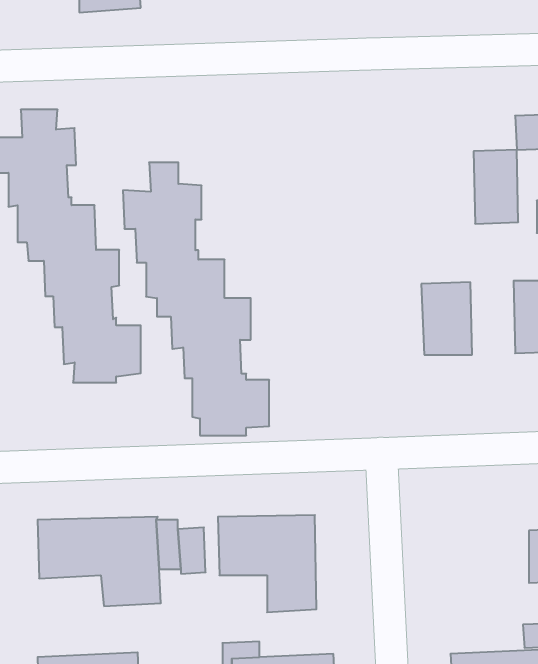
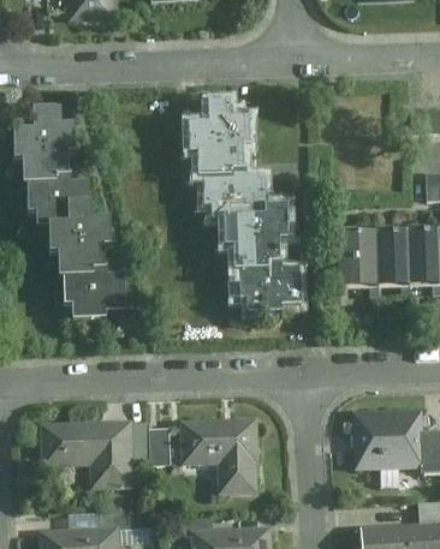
building: [474,150,518,224] -> [376,234,411,292]
building: [123,162,269,435] -> [182,94,296,306]
building: none -> [352,408,422,469]

